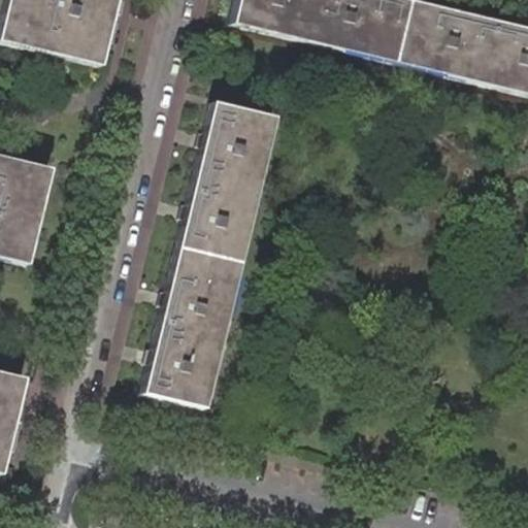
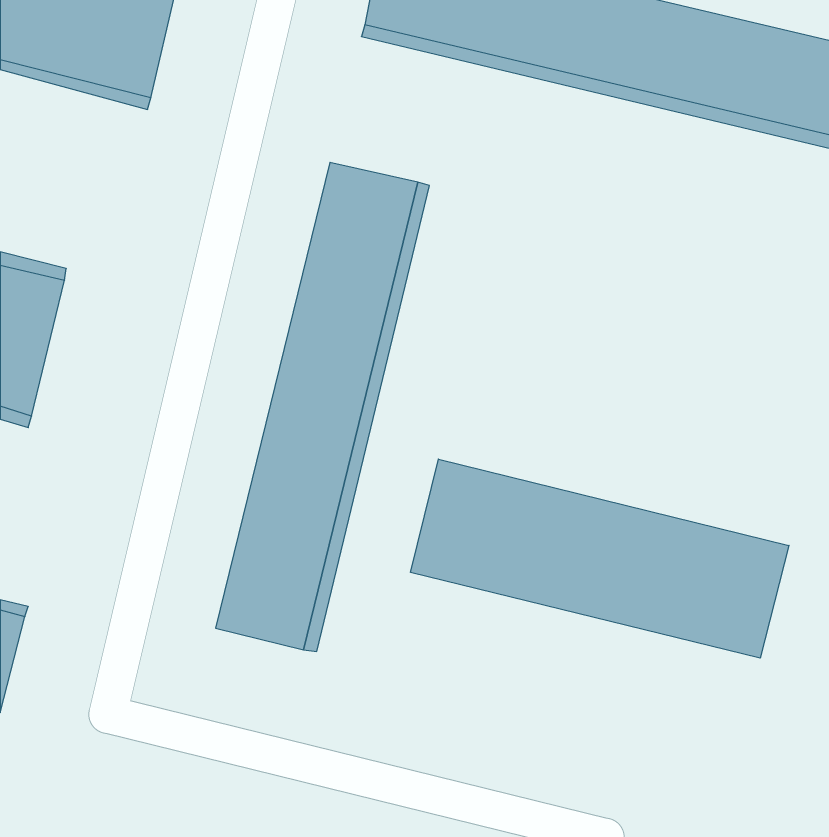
building: none -> [411,459,789,658]

